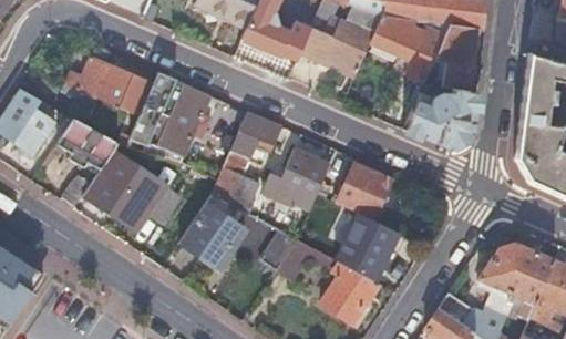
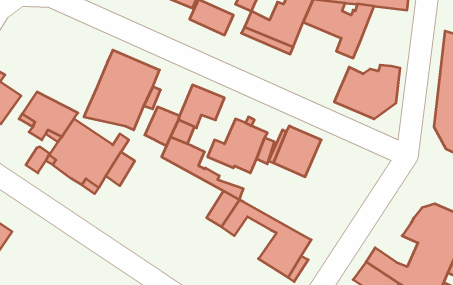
building: [433,24,484,91] -> none
building: [62,59,152,117] -> none
building: [179,203,245,269] -> none
building: [341,210,408,279] -> none

